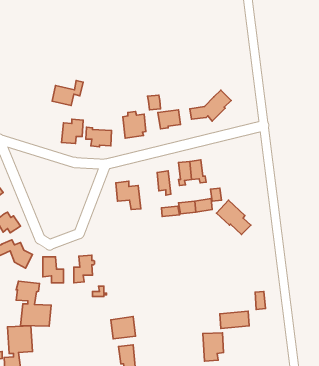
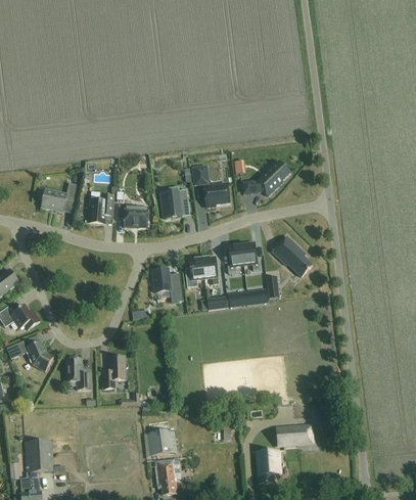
building: [52,80,83,105] -> [40,182,77,212]
building: none -> [185,258,203,287]
building: [217,200,251,235] -> [271,235,312,276]
building: [16,281,51,326] -> none

